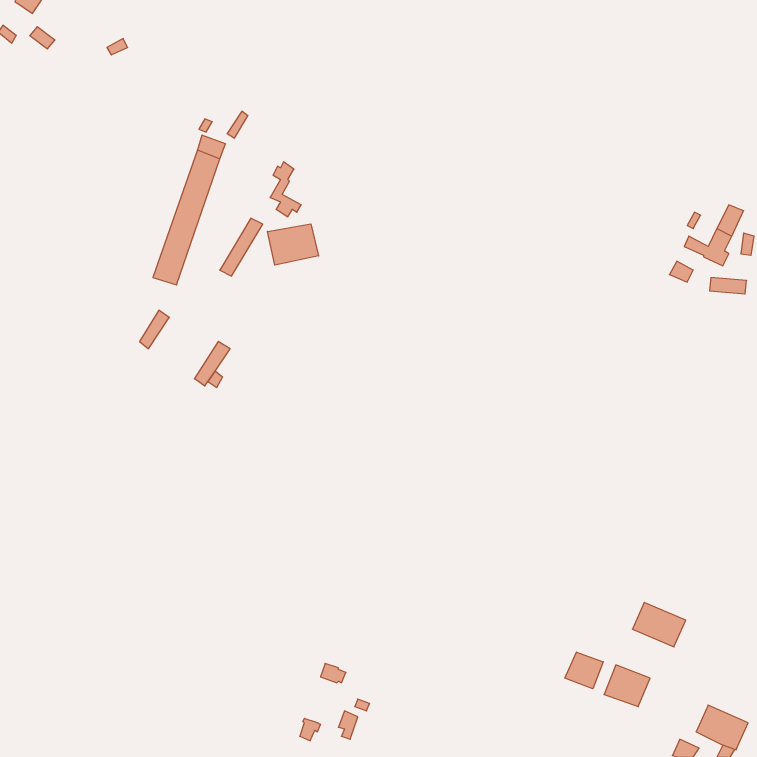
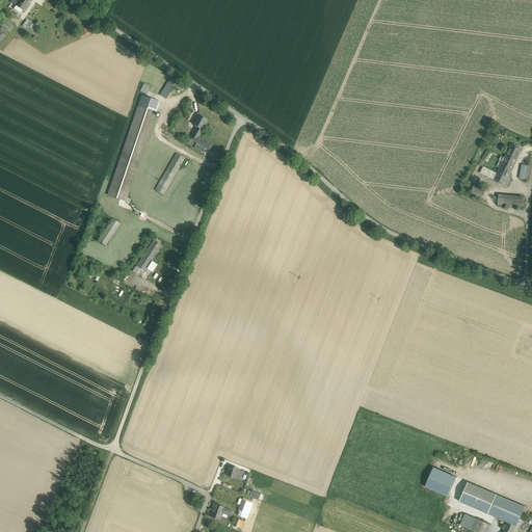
building: [267,224,319,265] -> none
building: [632,602,686,647] -> [458,481,496,512]
building: [565,652,603,689] -> none

